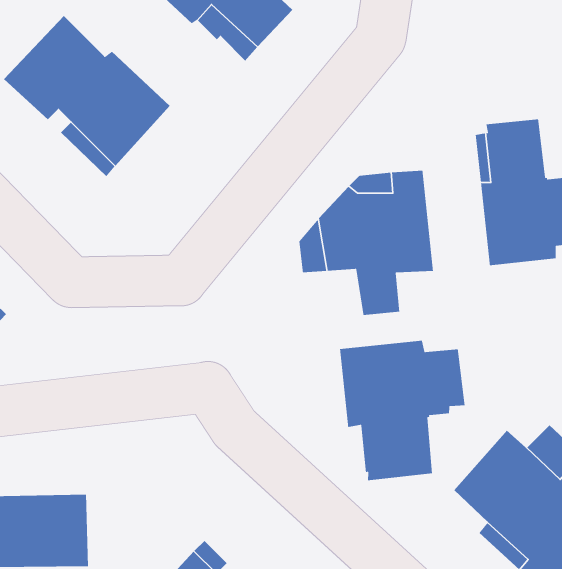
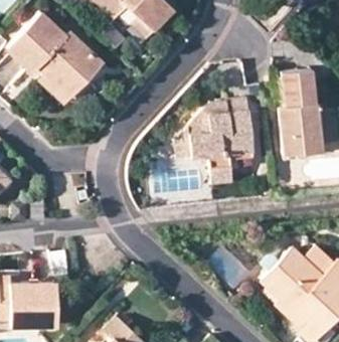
building: [339,340,466,481] -> none

